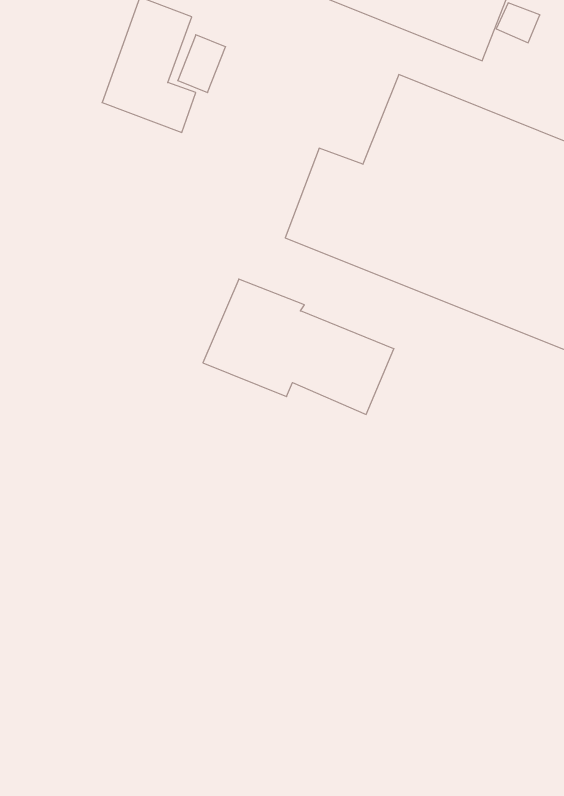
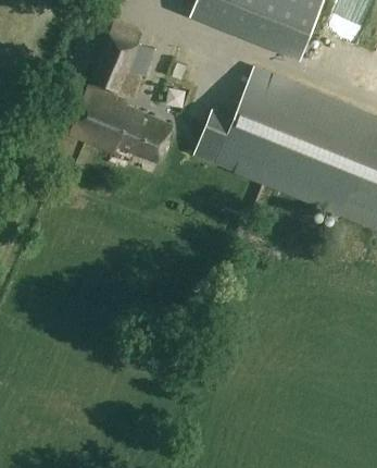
building: [203,279,394,414] -> [68,87,173,161]

